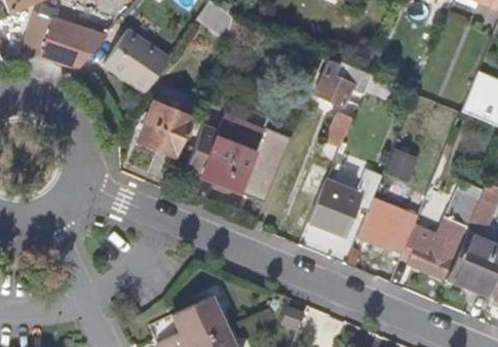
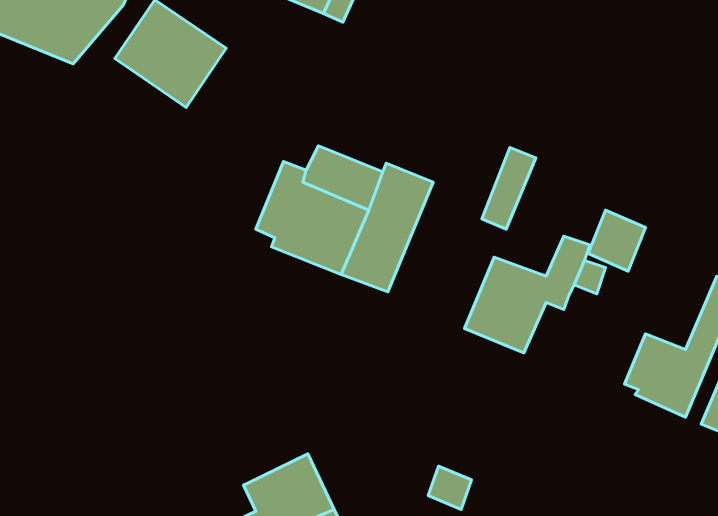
building: [315,64,370,109] -> none
building: [138,106,190,159] -> none
building: [354,203,416,261] -> none

